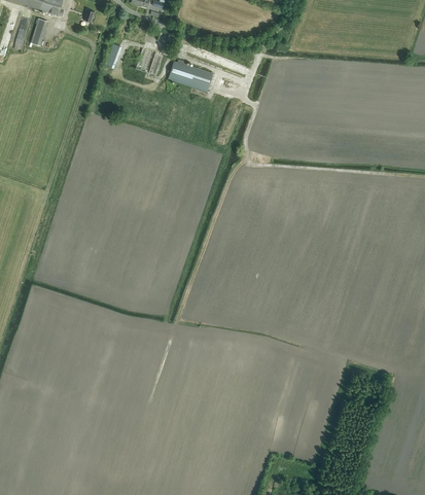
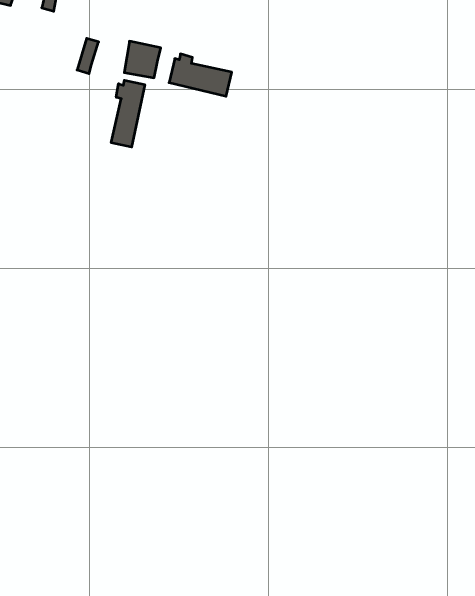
building: none -> [111,80,145,147]

